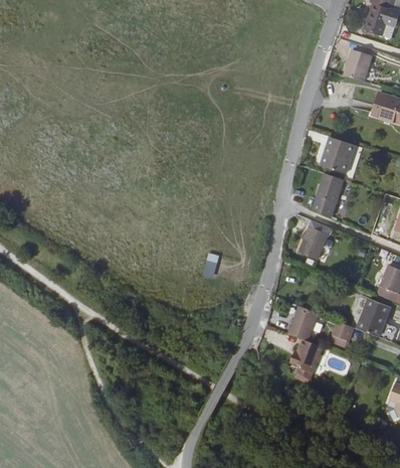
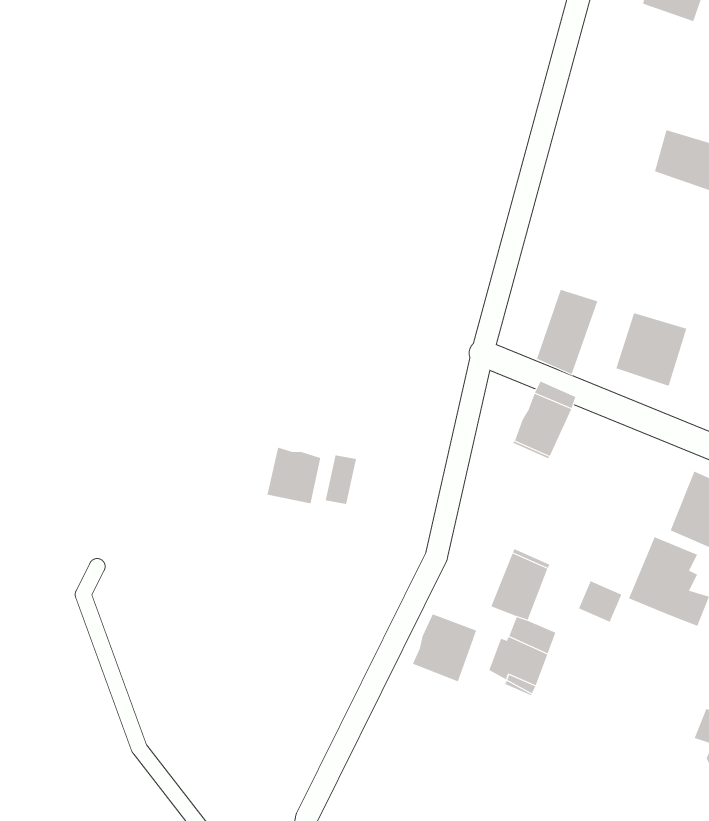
building: [343,48,371,81] -> none
building: [318,136,354,173] -> [615,313,687,386]
building: none -> [267,447,321,504]
building: none -> [412,613,477,682]

